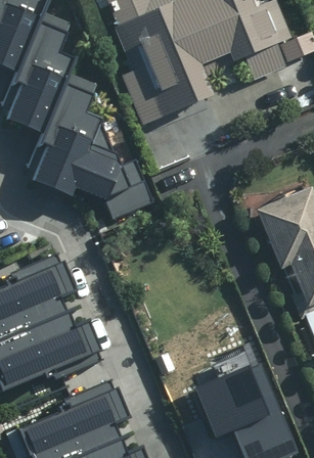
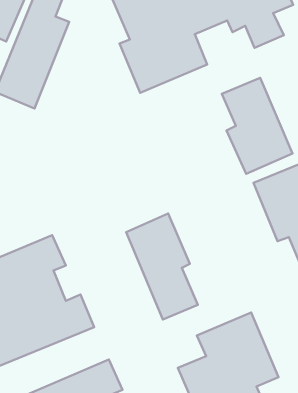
building: [35,83,156,217] -> none
building: none -> [222,78,292,174]
building: none -> [126,214,198,319]

